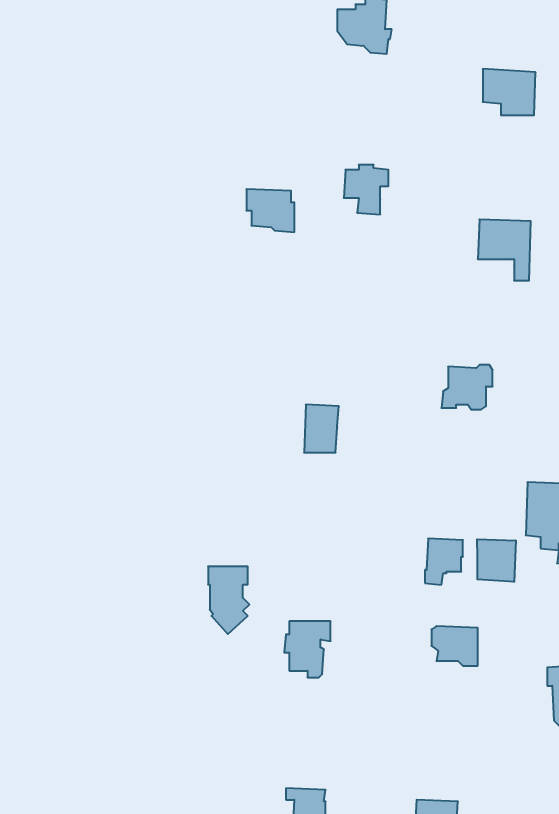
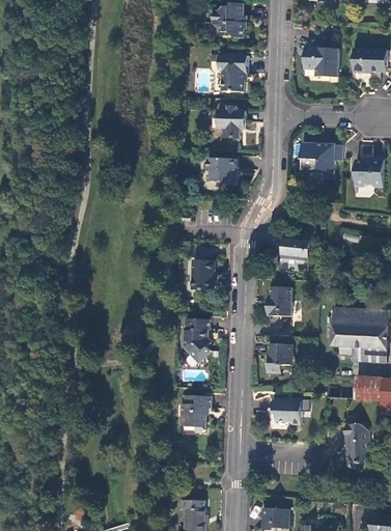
building: none -> [219,56,247,93]
building: [246,189,294,232] -> [207,160,238,187]
building: none -> [268,286,292,315]
building: [477,539,516,582] -> none
building: [208,566,249,634] -> [185,318,211,361]

